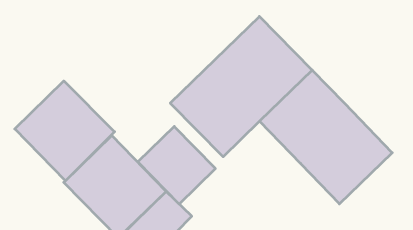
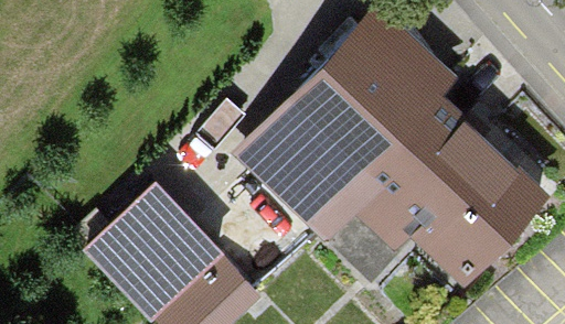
building: [15,81,115,181] -> none
building: [138,126,215,204] -> [308,168,412,271]

